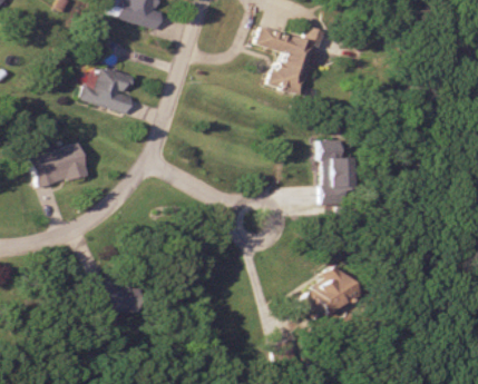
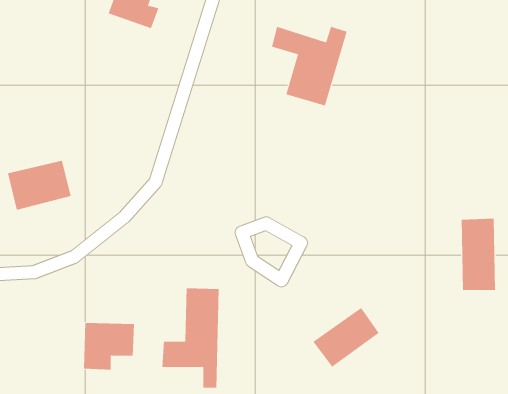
building: [82,63,134,114] -> none
building: [320,139,350,201] -> [461,218,496,290]
building: none -> [162,288,219,389]

